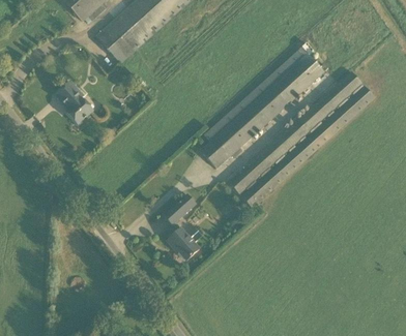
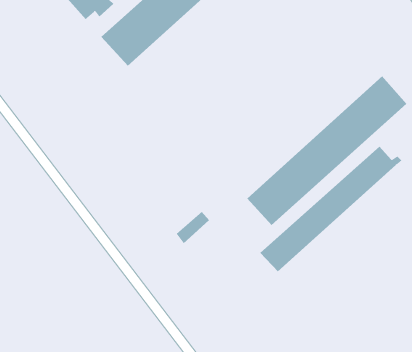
building: [199,54,328,169] -> [260,146,402,272]
building: [55,81,93,124] -> none
building: [166,228,199,261] -> none

